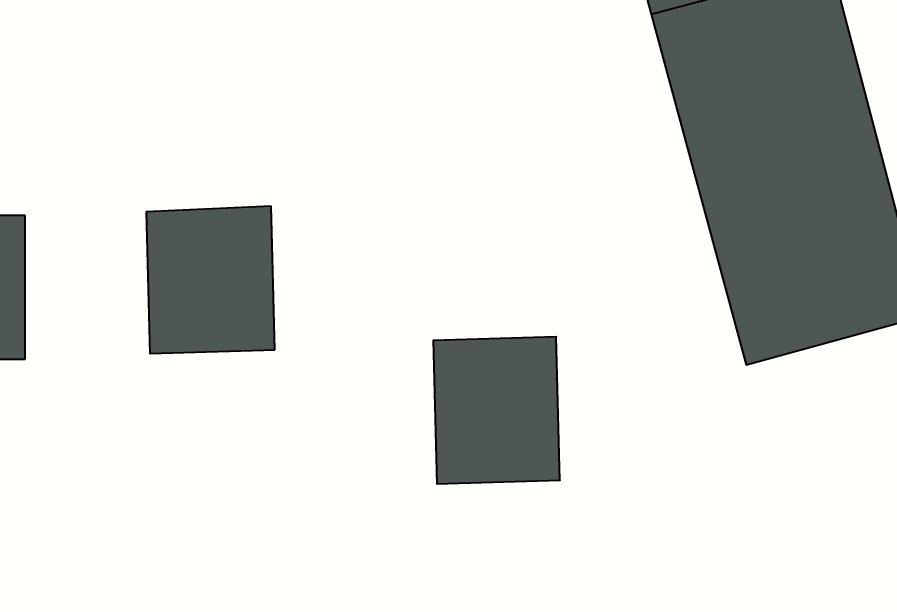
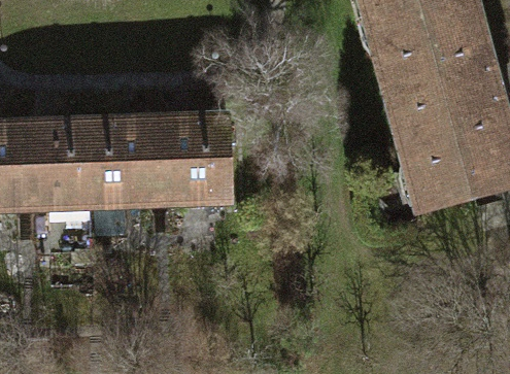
building: none -> [24,126,93,207]
building: [433,337,560,484] -> [160,121,230,202]

